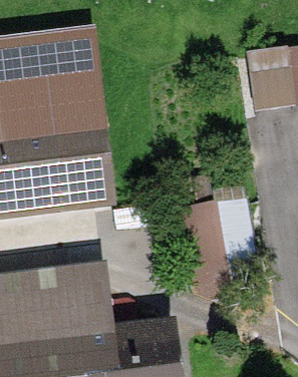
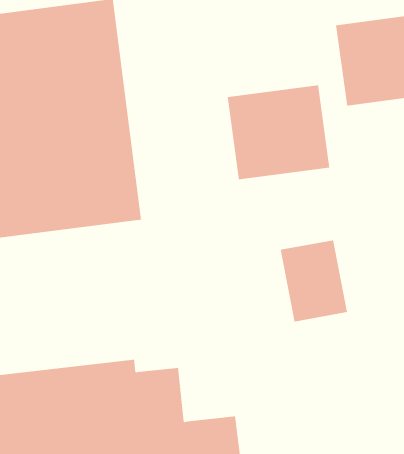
building: none -> [227,84,330,180]

